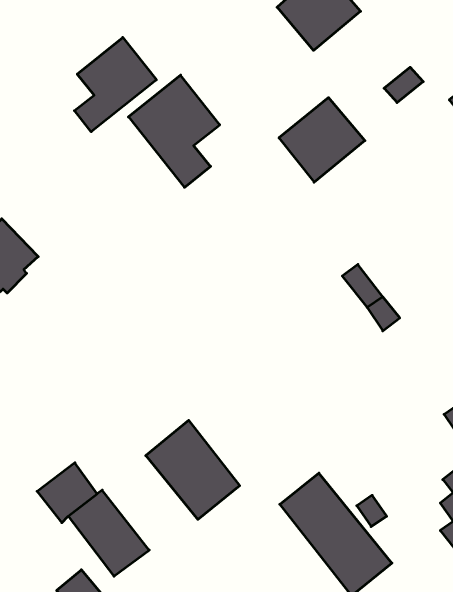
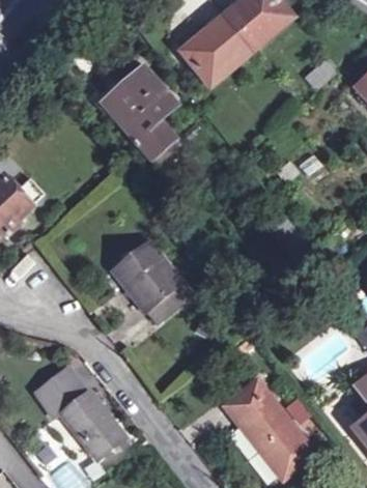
building: [74,37,156,132] -> none
building: [279,98,365,182] -> [184,11,252,79]
building: [146,420,240,519] -> [113,243,188,322]

